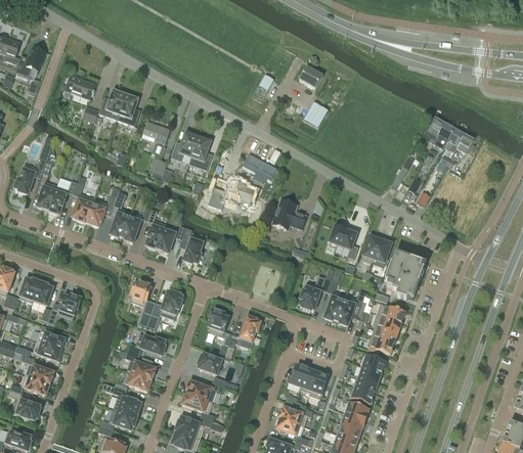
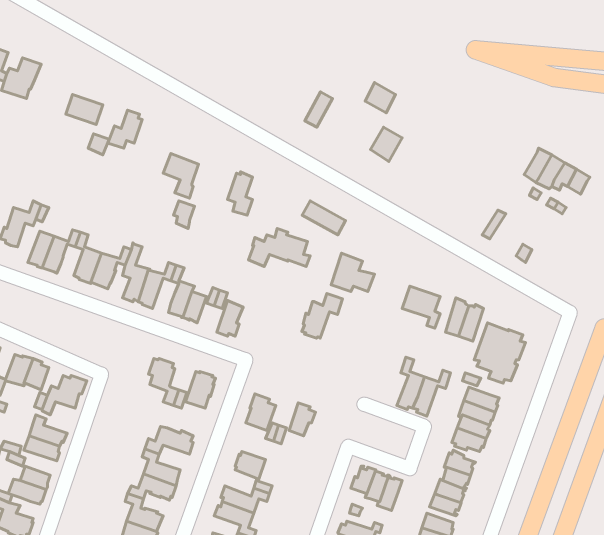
building: [120,93,140,125] -> none
building: [172,130,200,161] -> none
building: [300,275,332,310] -> [302,294,343,338]

